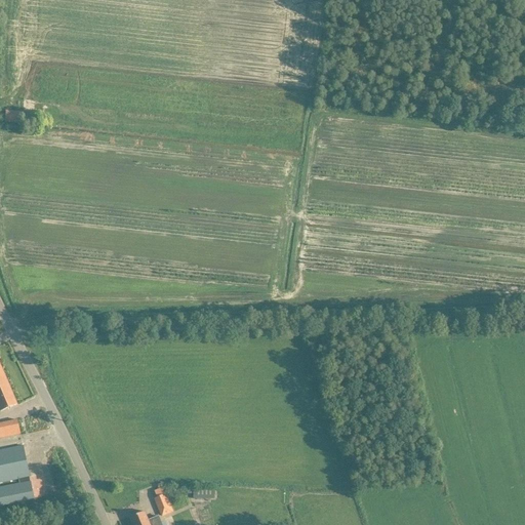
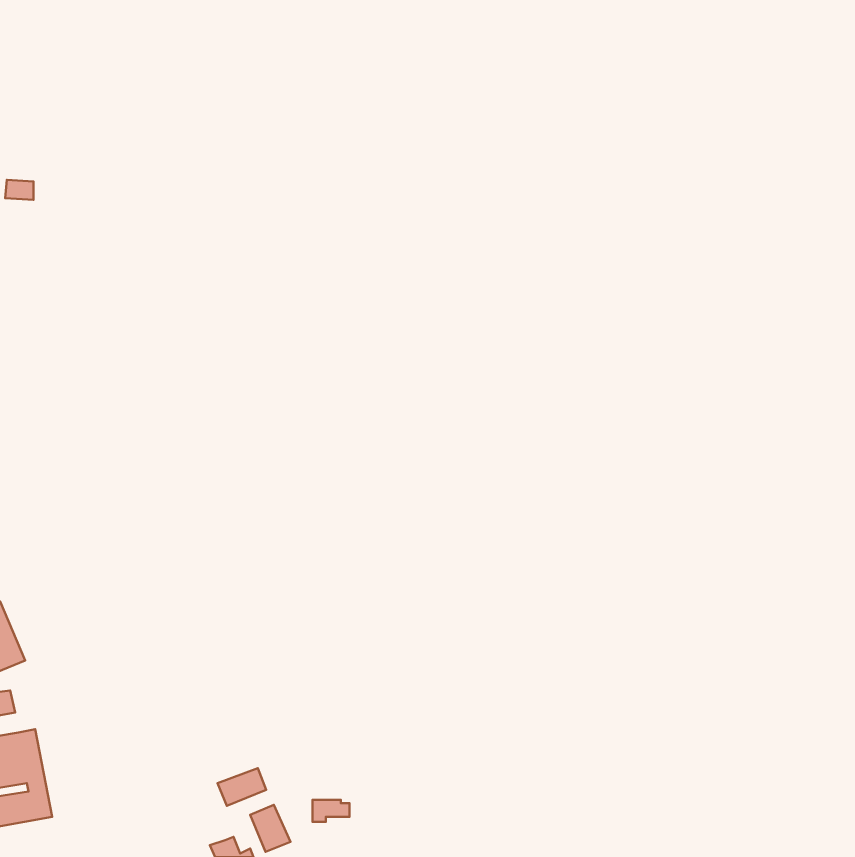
building: none -> [217,768,266,806]

